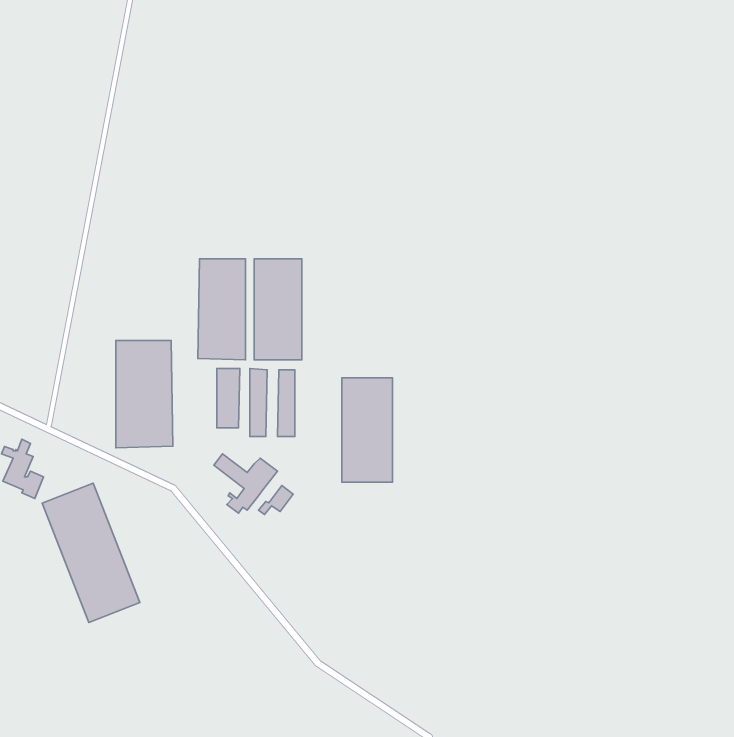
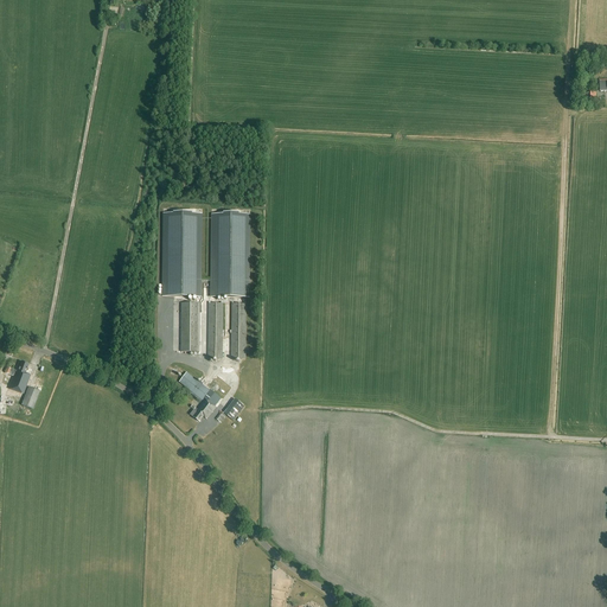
building: [116,340,173,448] -> none
building: [342,378,392,482] -> none
building: [42,483,140,623] -> none

